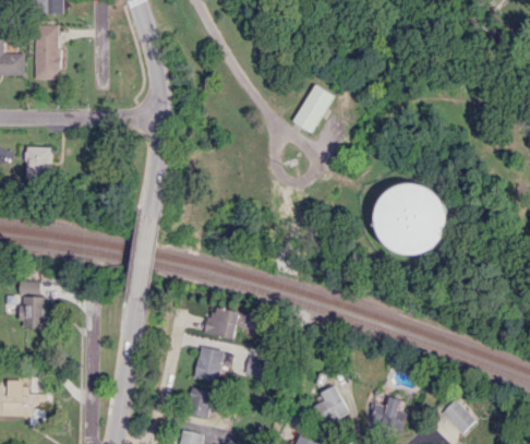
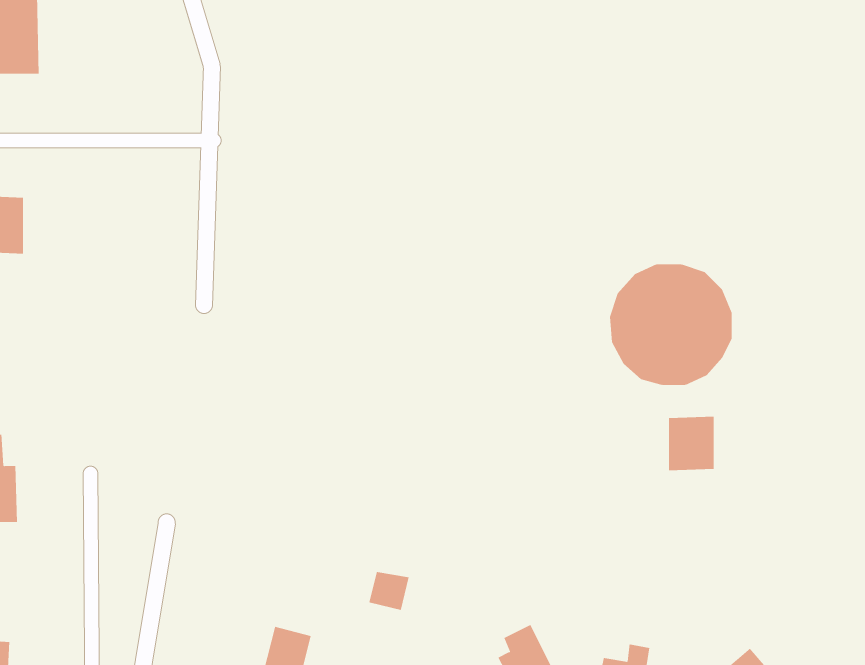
building: [291,84,334,133] -> none
building: none -> [669,416,714,471]
building: [203,305,240,339] -> none
building: [194,347,230,381] -> none

